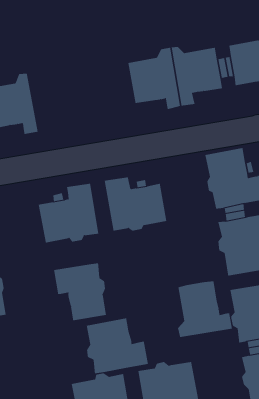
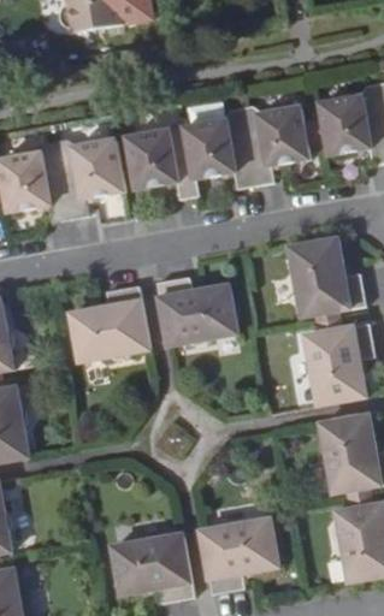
building: none -> [126,116,199,196]
building: none -> [55,136,125,215]
building: [54,262,107,321] -> none
building: [177,281,232,338] -> none
building: [86,318,148,374] -> none

